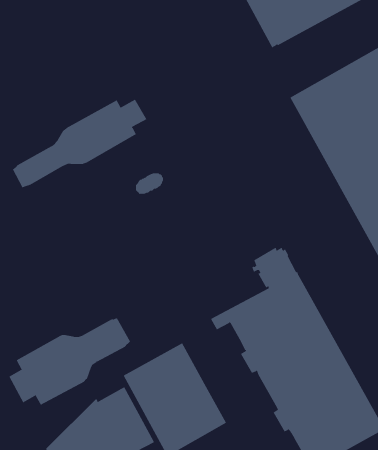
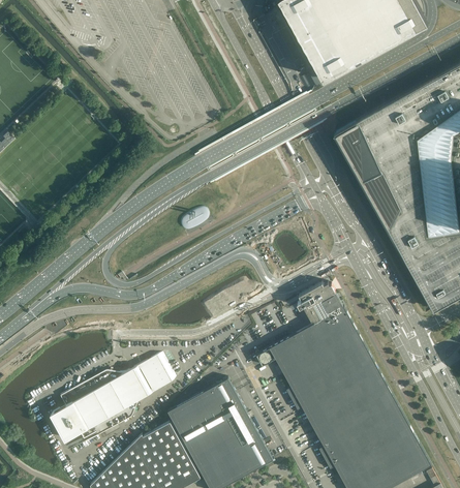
building: [12,99,147,188] -> none

